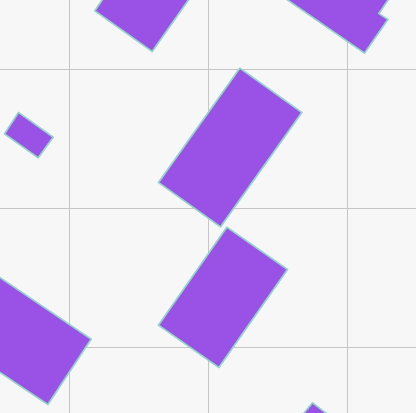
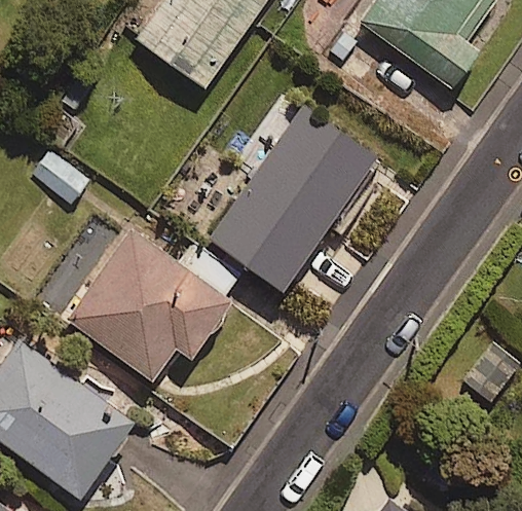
building: none -> [68,231,245,379]
building: [158,227,287,368] -> none

